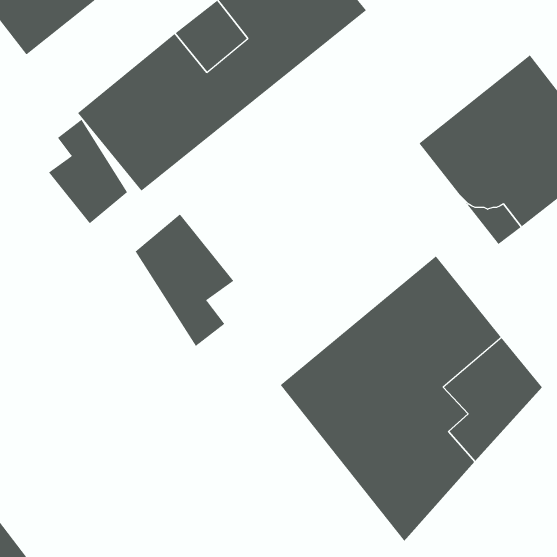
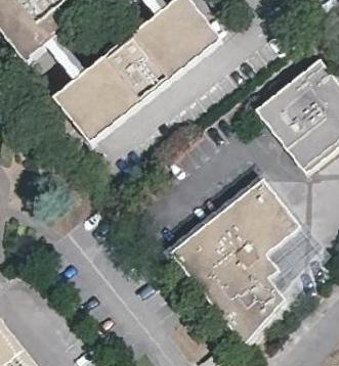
building: [48,119,128,224] -> none
building: [135,214,234,347] -> none

